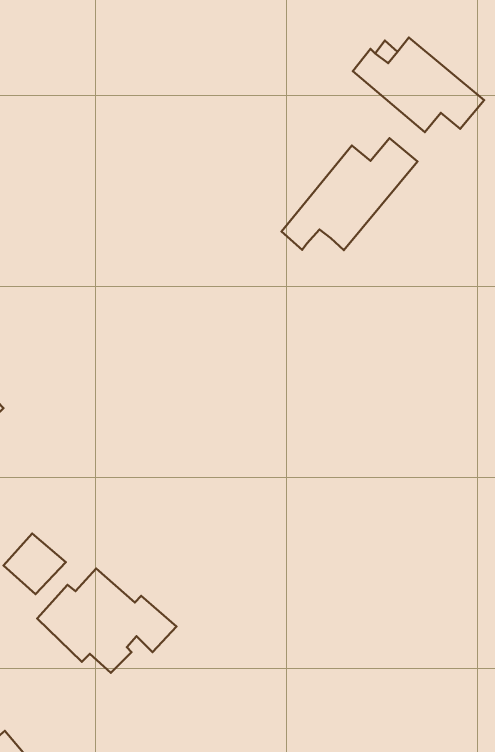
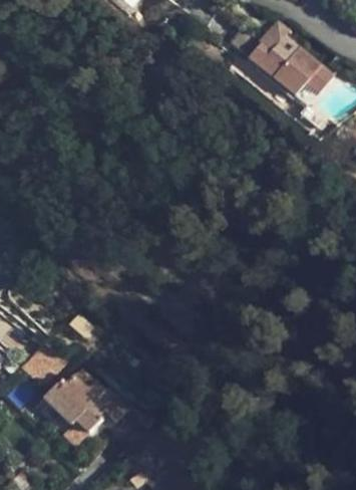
building: [282,138,417,250] -> none

